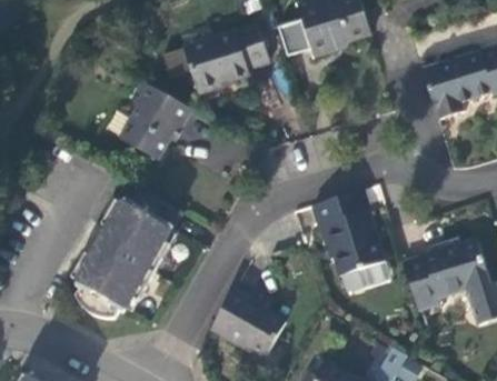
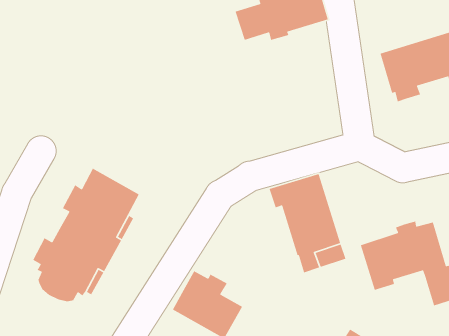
building: [185,28,268,93] -> none
building: [118,81,191,161] -> none

